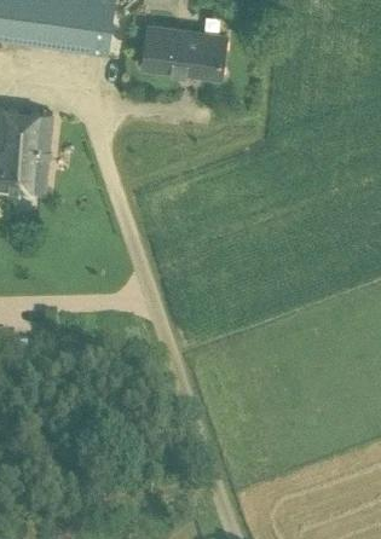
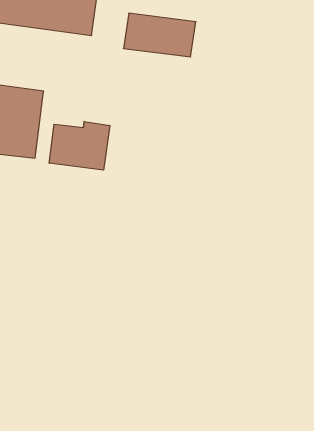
building: none -> [49,121,110,170]

